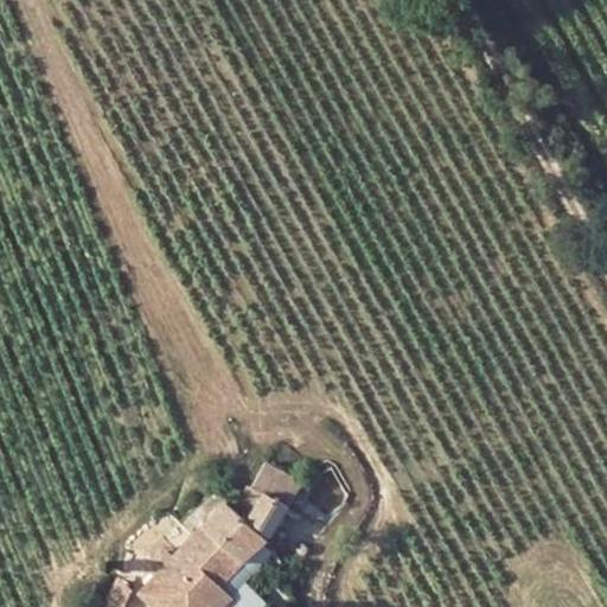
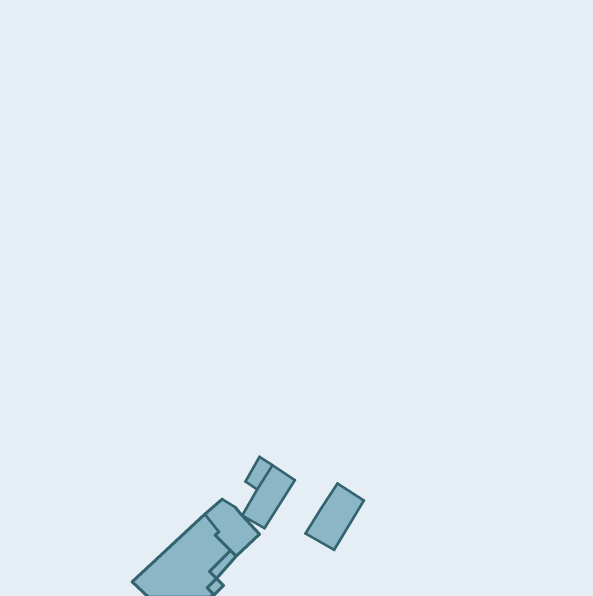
building: none -> [305,483,364,550]

